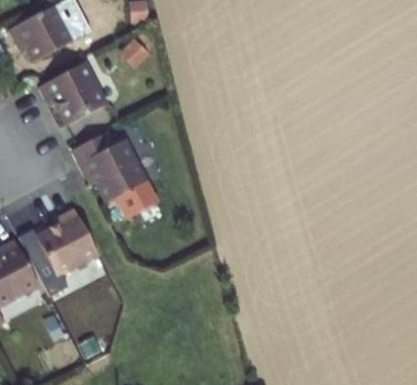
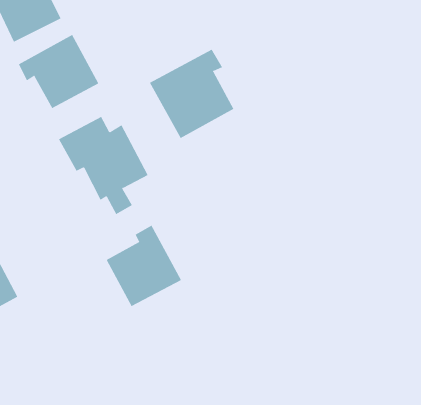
building: none -> [149,49,234,139]
building: [35,206,99,275] -> [106,225,182,307]

